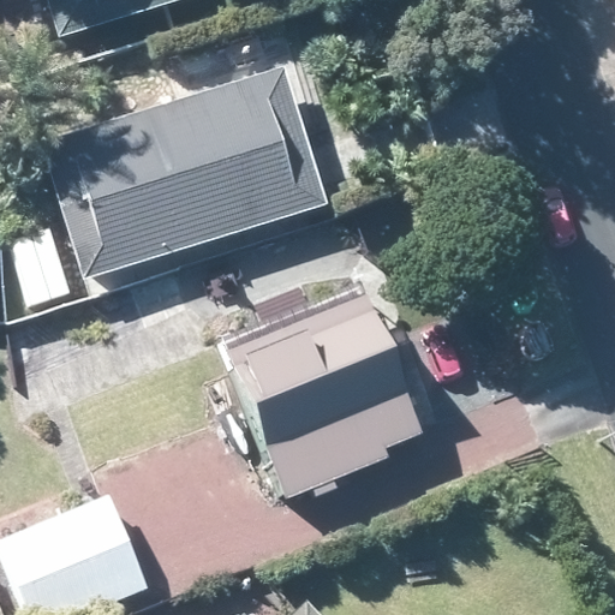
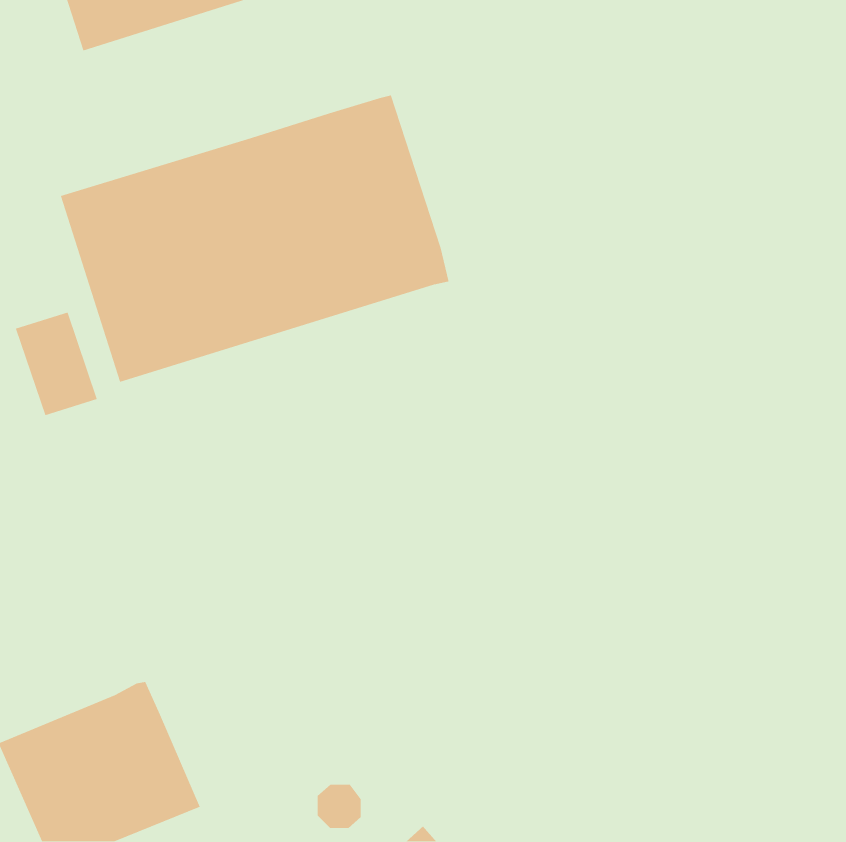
building: [229,295,423,496] -> none

